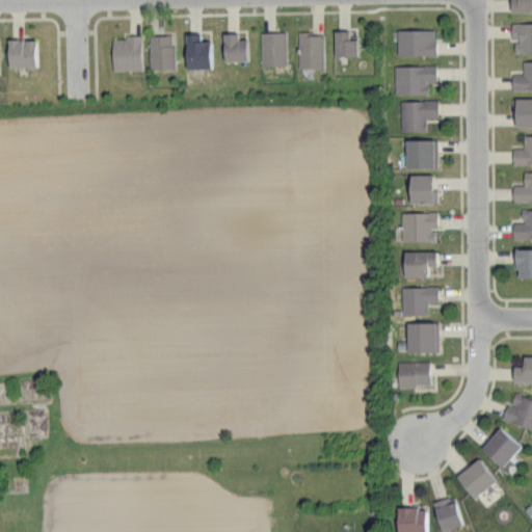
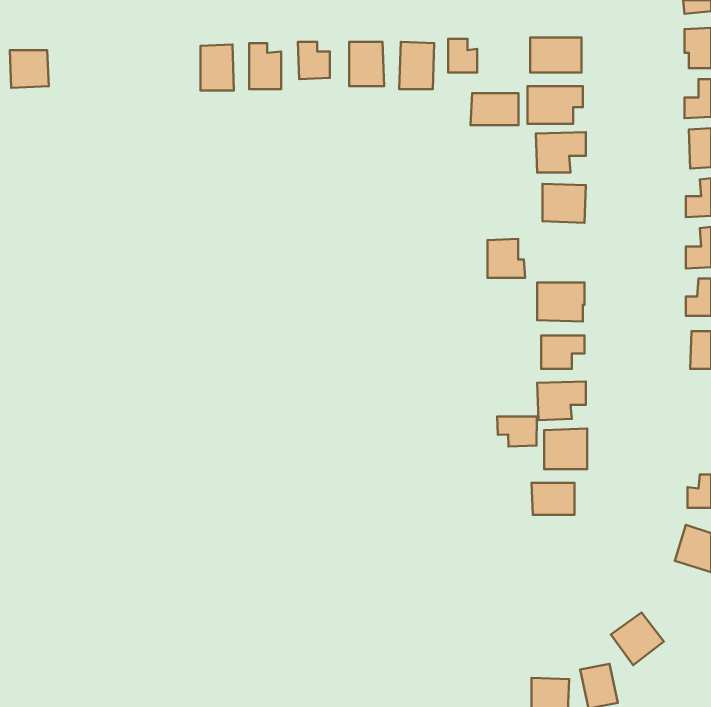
building: [112,38,141,73] -> none
building: none -> [471,93,519,125]
building: [409,176,437,205] -> [488,239,525,278]
building: none -> [497,416,537,447]
building: [481,429,522,470] -> none

